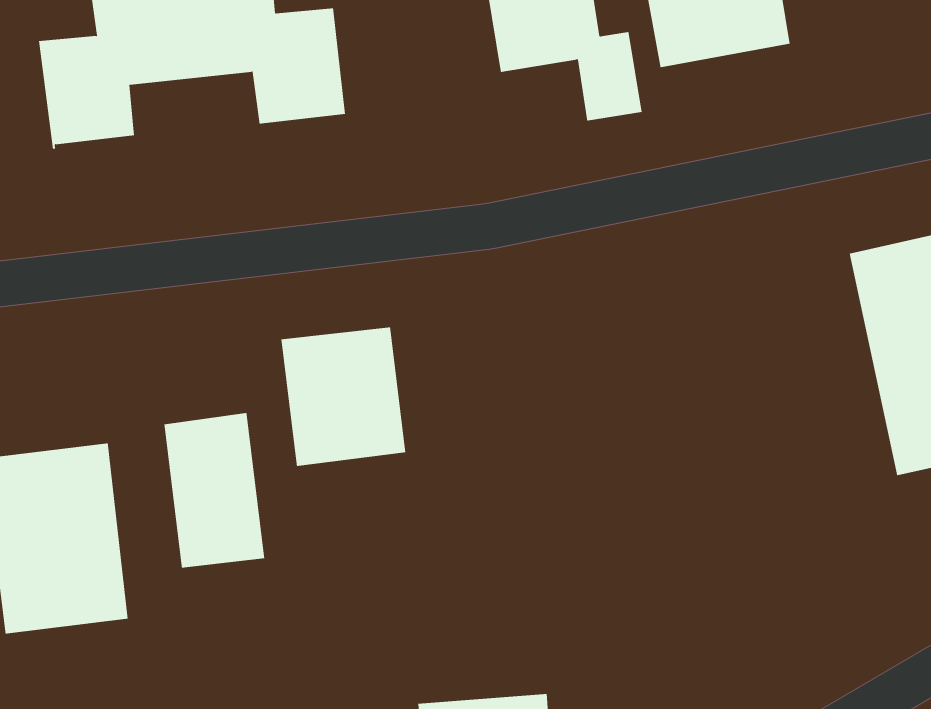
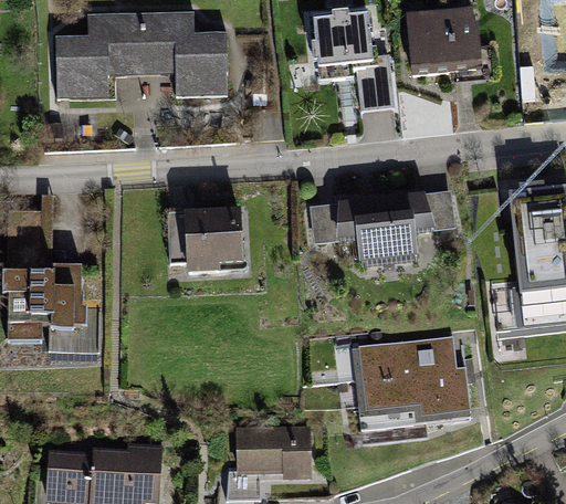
building: none -> [316,191,454,267]
building: [164,412,265,569] -> none
building: none -> [356,337,472,433]

